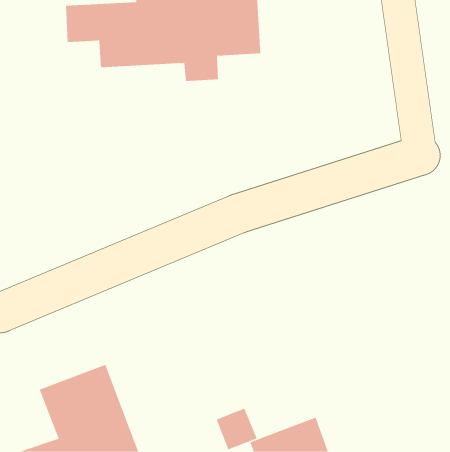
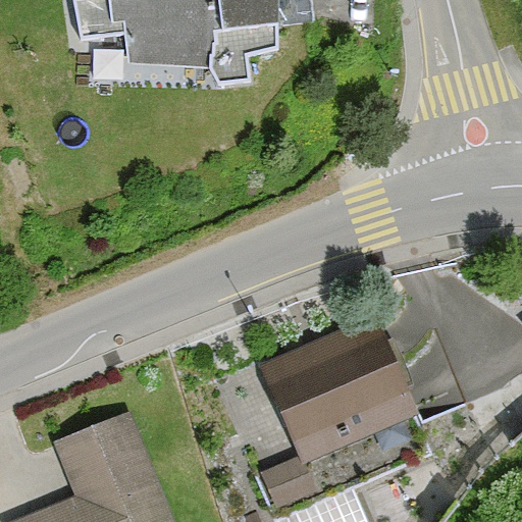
building: none -> [258,320,411,460]

